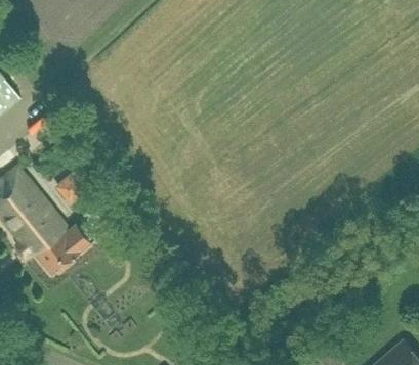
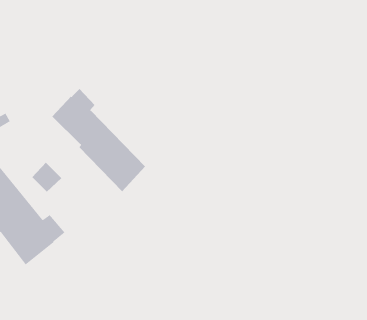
building: none -> [52,88,146,192]

